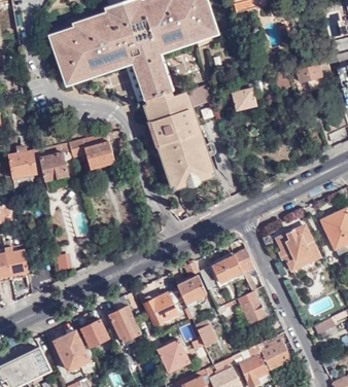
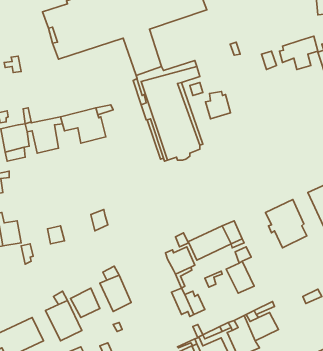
building: [231,83,256,111] -> [205,92,231,119]
building: [141,288,184,324] -> none
building: [159,340,189,373] -> none

